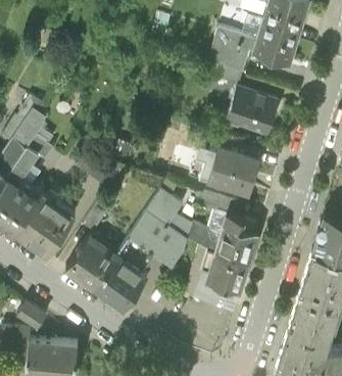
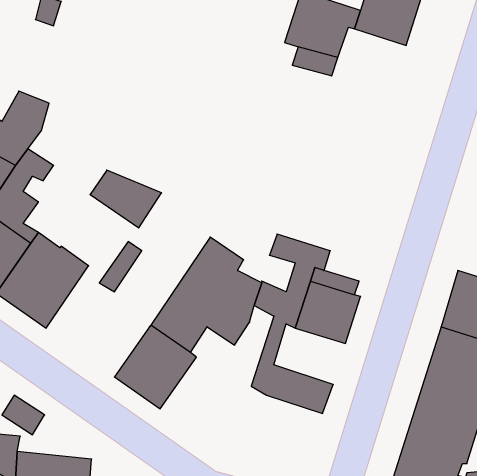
building: [227,89,277,133] -> none
building: [208,148,258,191] -> none
building: [65,234,116,287] -> none
building: [200,251,248,292] -> none

